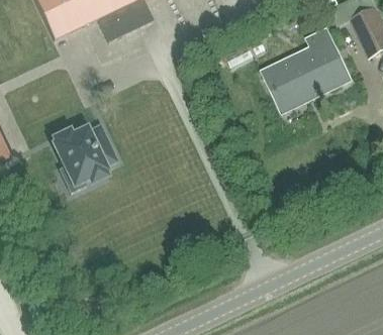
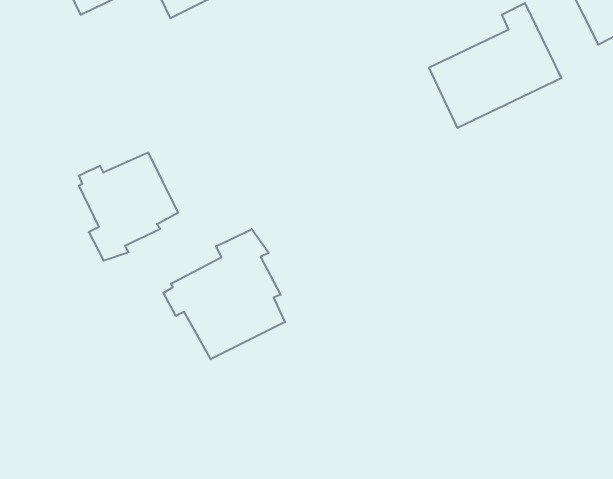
building: none -> [163,229,285,359]

